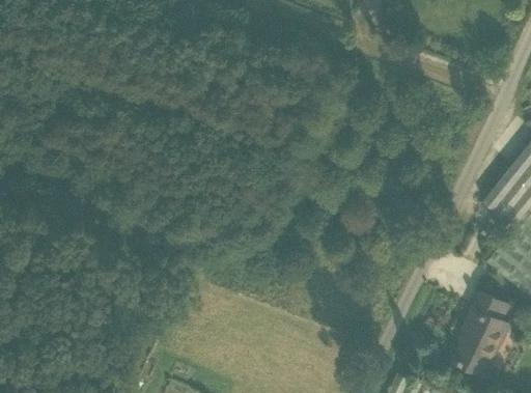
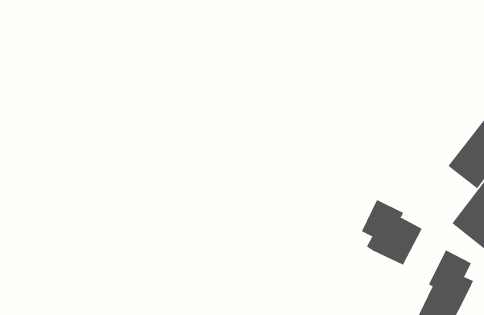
building: none -> [361,199,423,266]

